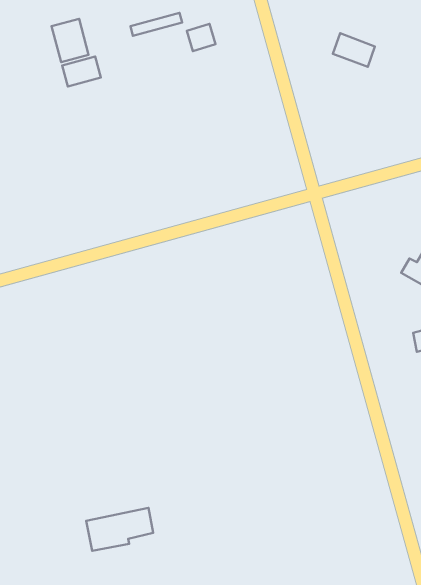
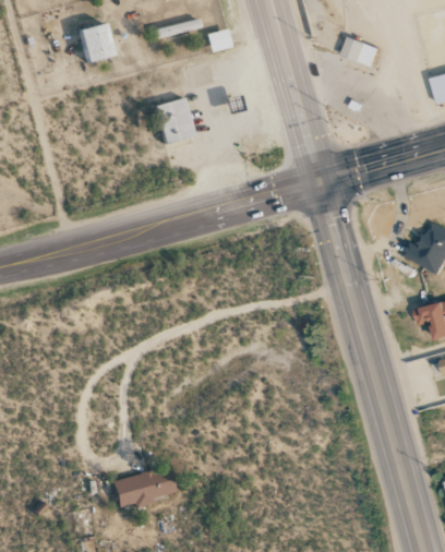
building: [62,57,101,86] -> none
building: none -> [157,99,195,144]

